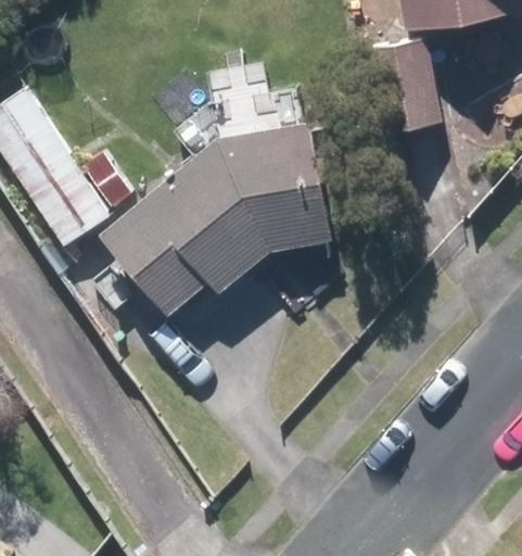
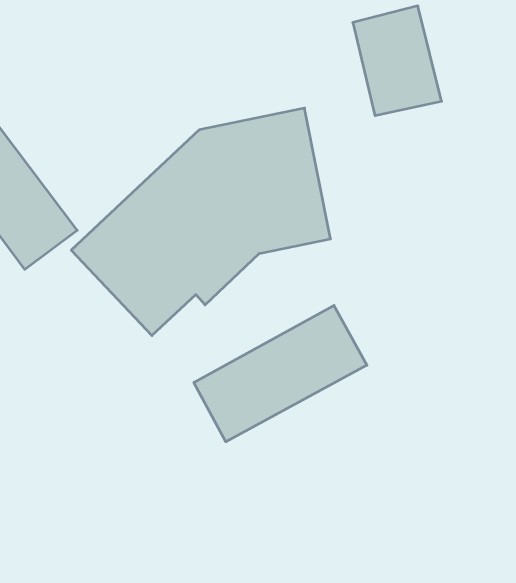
building: none -> [194,305,367,442]

